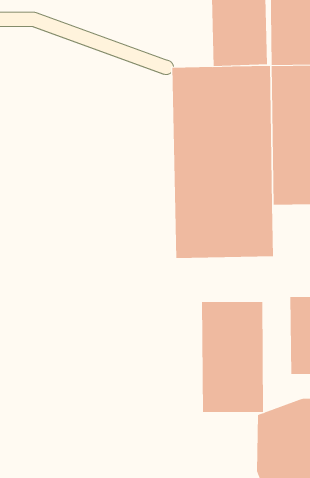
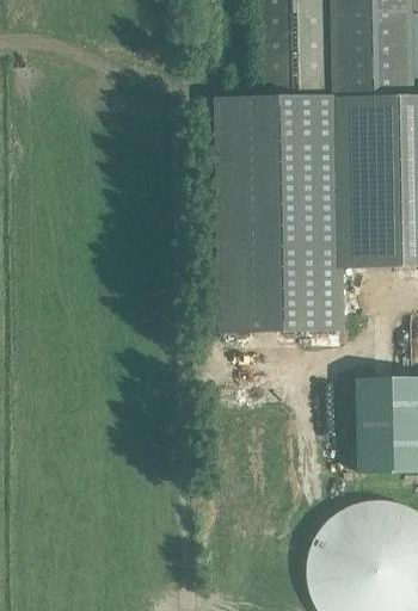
building: [201,301,264,413] -> none

